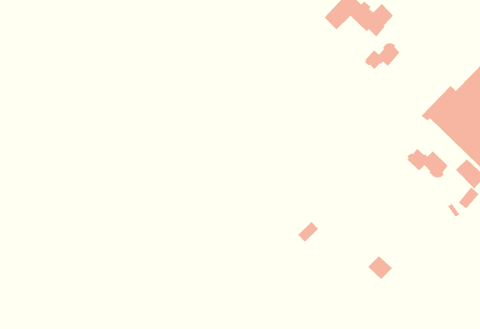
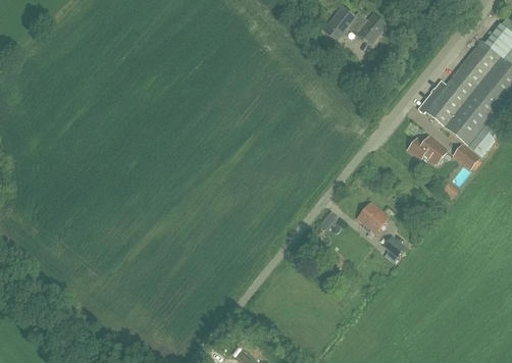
building: [364,42,400,70] -> none
building: none -> [356,200,389,232]

